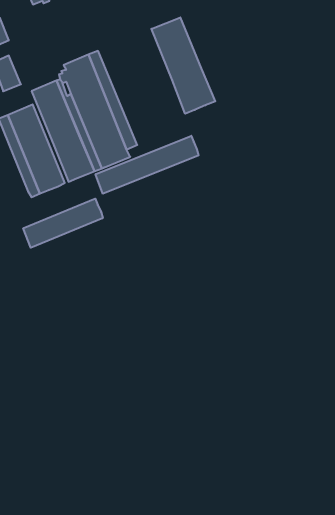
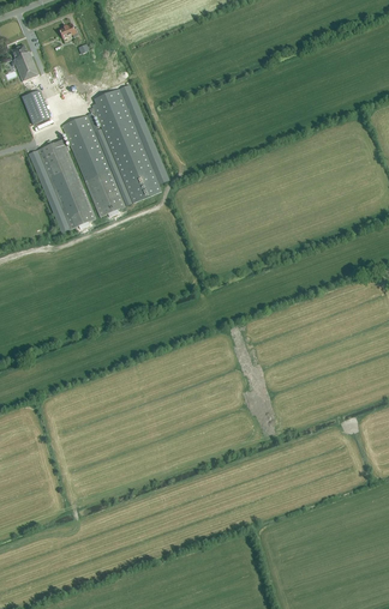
building: [151,17,215,114] -> none
building: [96,136,199,194] -> none
building: [23,199,103,248] -> none

